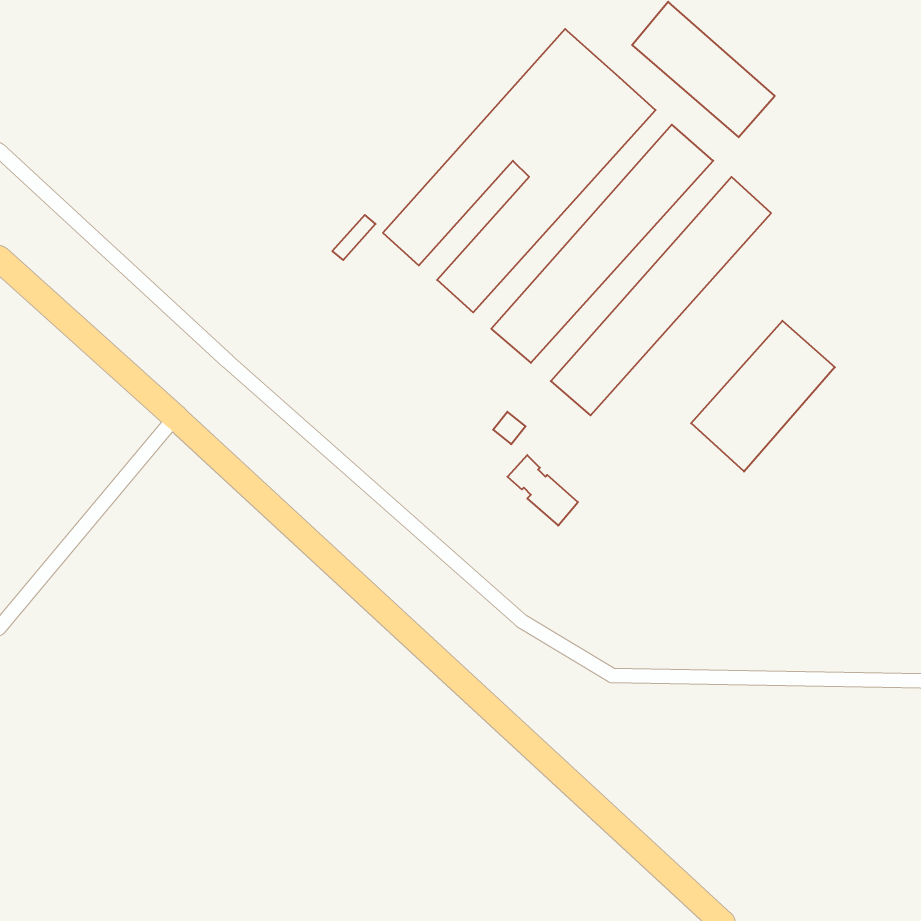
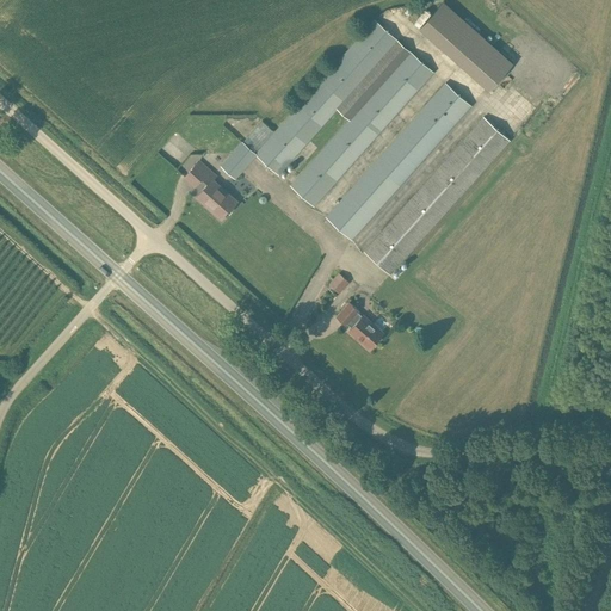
building: none -> [185,162,235,218]
building: [691,321,835,472] -> none

